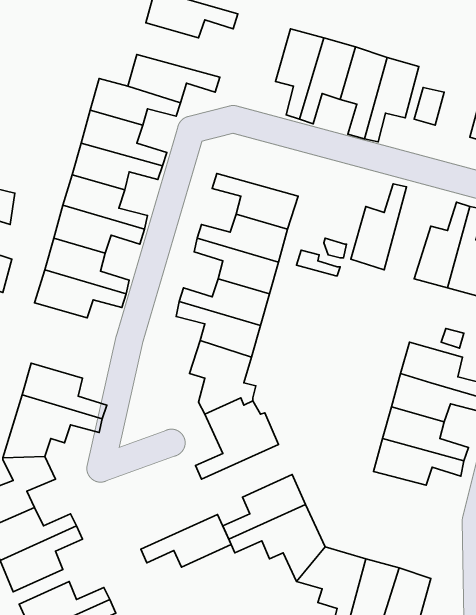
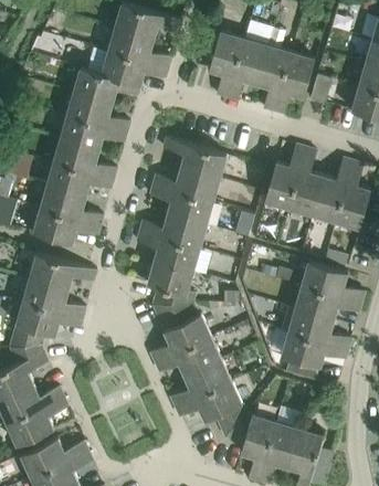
building: none -> [107,28,170,67]
building: none -> [288,148,323,215]
building: none -> [30,253,96,288]
building: [141,515,231,567] -> [155,337,221,376]

